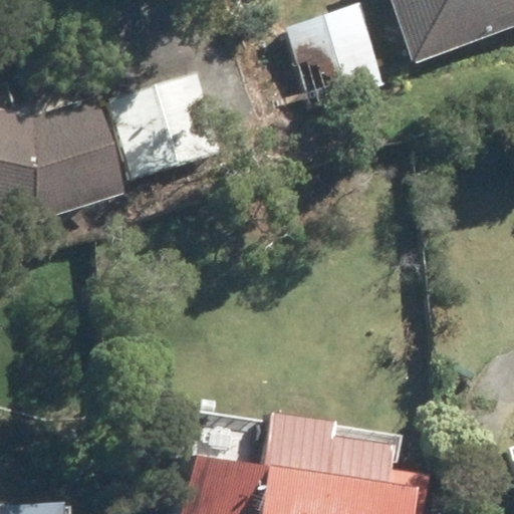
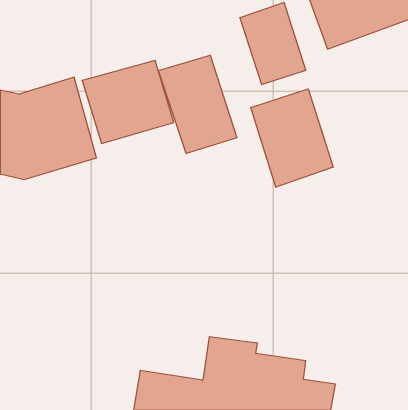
building: none -> [158,55,237,154]
building: none -> [251,89,333,187]

